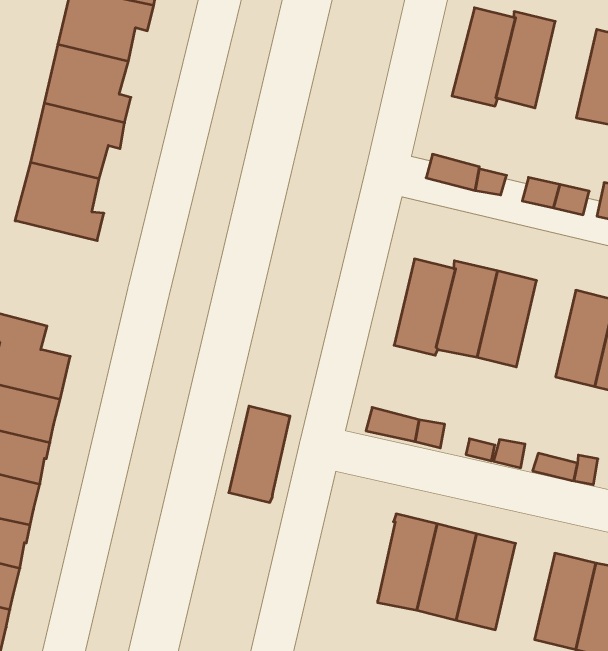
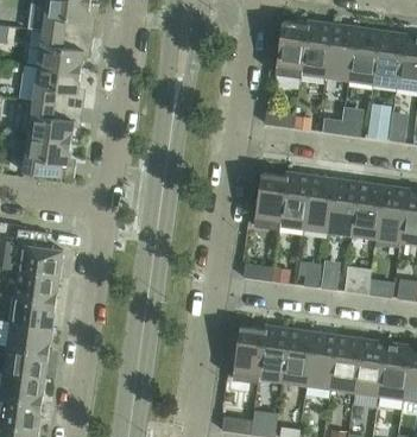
building: none -> [323,25,355,81]
building: none -> [327,179,358,235]
building: [229,406,290,502] -> [232,327,264,382]
building: none -> [329,336,360,392]

